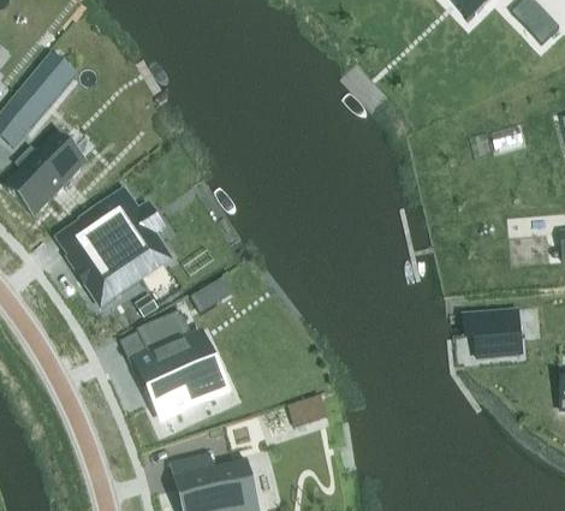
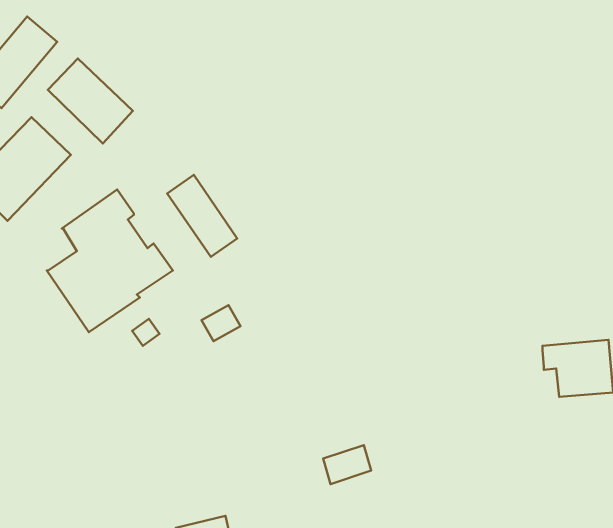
building: none -> [48,59,133,143]
building: none -> [167,175,237,257]
building: [136,310,216,418] -> none

